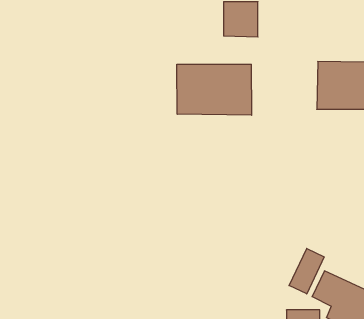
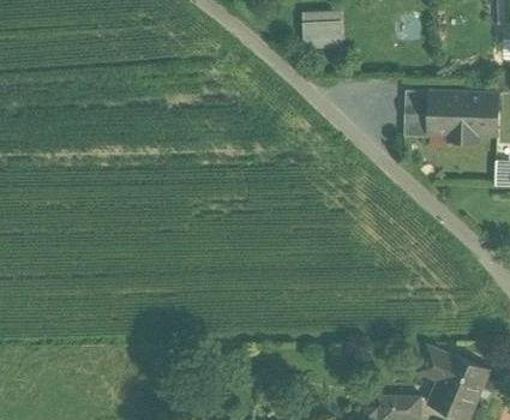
building: [177,64,252,115] -> none
building: [289,248,324,294] -> none

